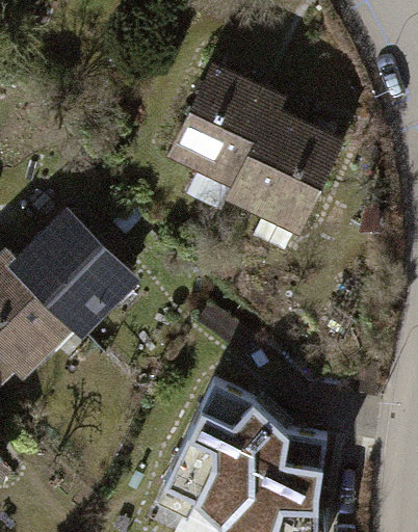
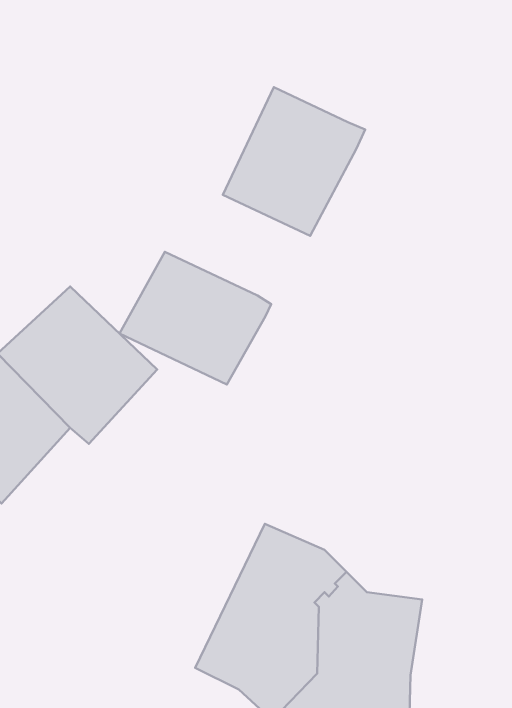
building: [234,118,338,257] -> none
building: none -> [119,252,271,384]

